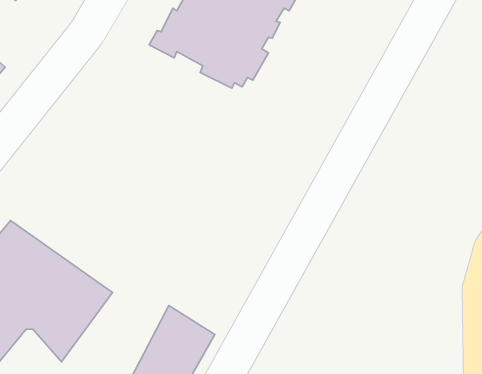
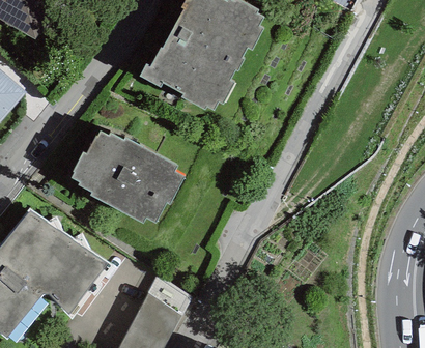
building: none -> [70,132,183,224]

